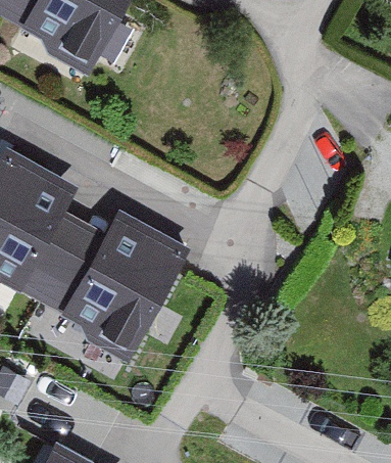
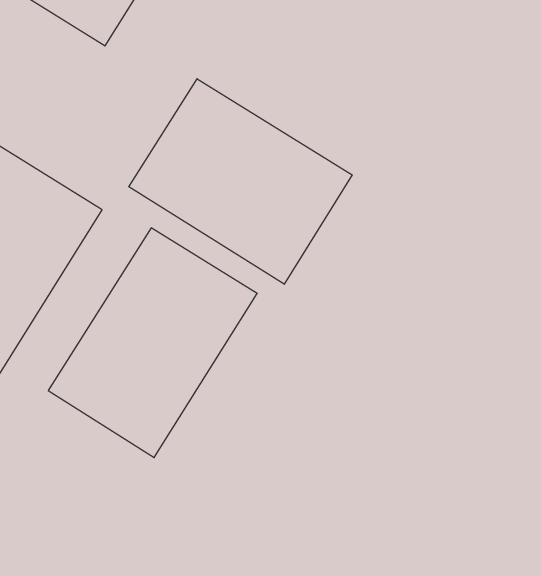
building: none -> [129,79,352,284]

